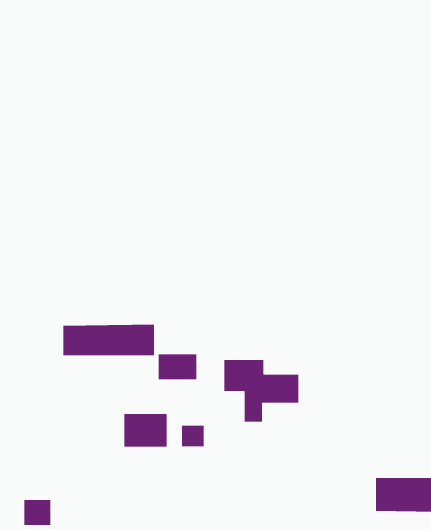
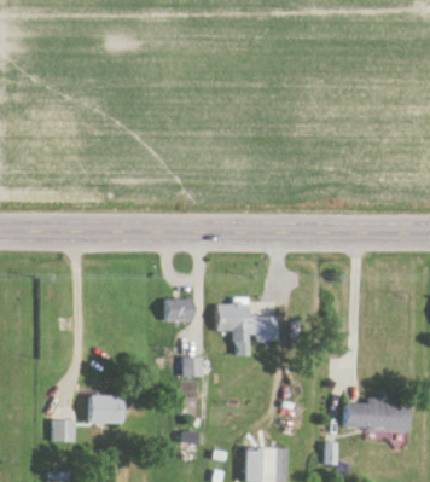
building: [63,324,154,356] -> none
building: [124,413,167,447] -> [88,396,124,424]

